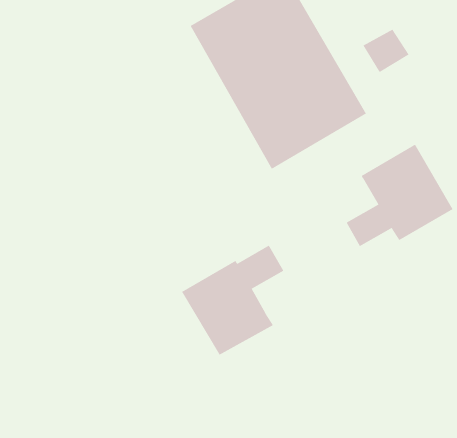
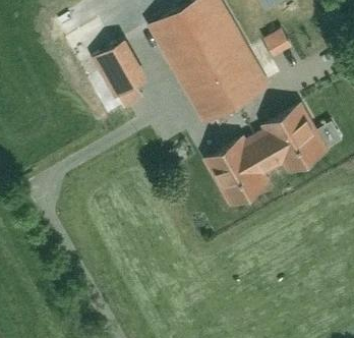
building: none -> [91,47,142,107]
building: [181,245,284,356] -> [208,129,277,204]

